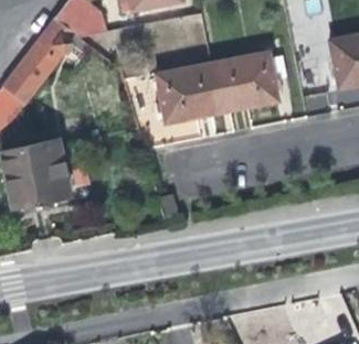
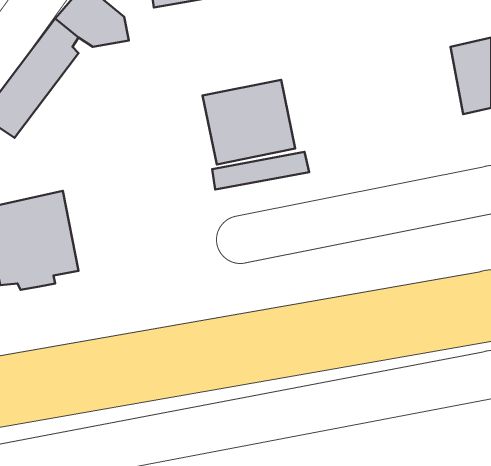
building: [210,52,275,110] -> none

